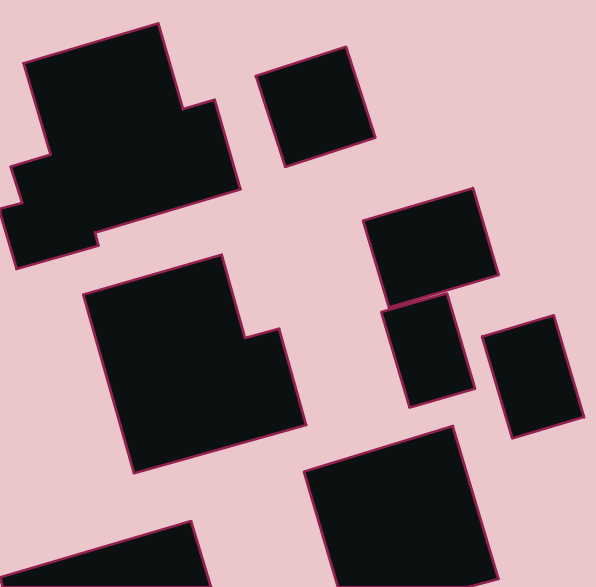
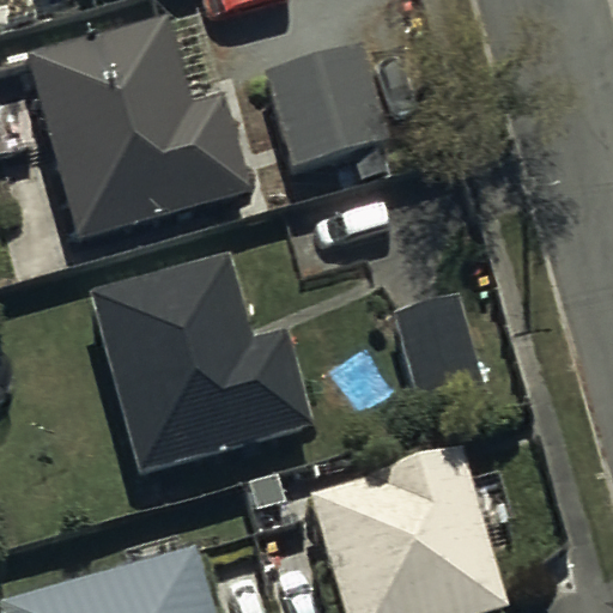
building: [363,188,499,308] -> none
building: [482,315,584,438] -> none

